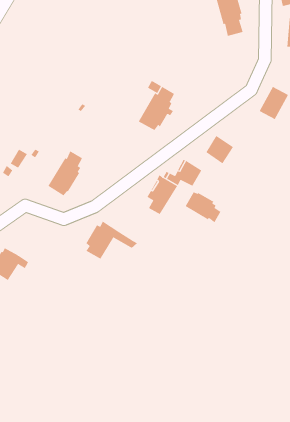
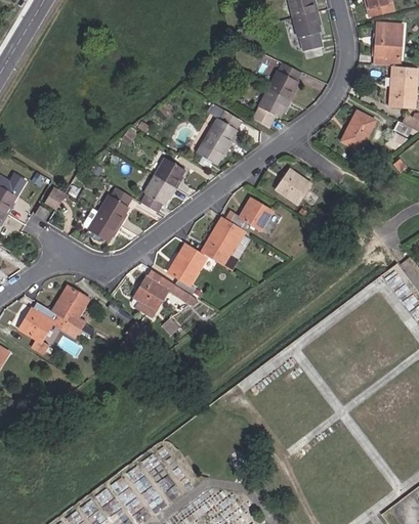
building: none -> [252,63,300,127]
building: none -> [141,159,183,212]
building: [185,191,221,223] -> none
building: none -> [168,243,208,295]
building: none -> [53,287,89,328]

